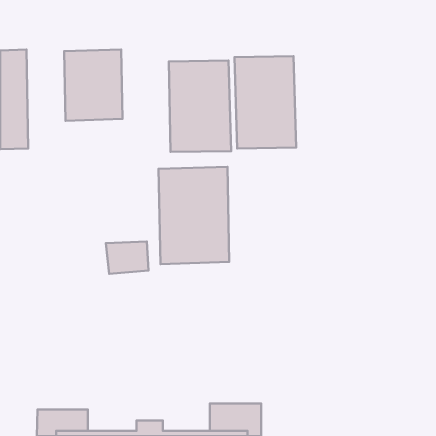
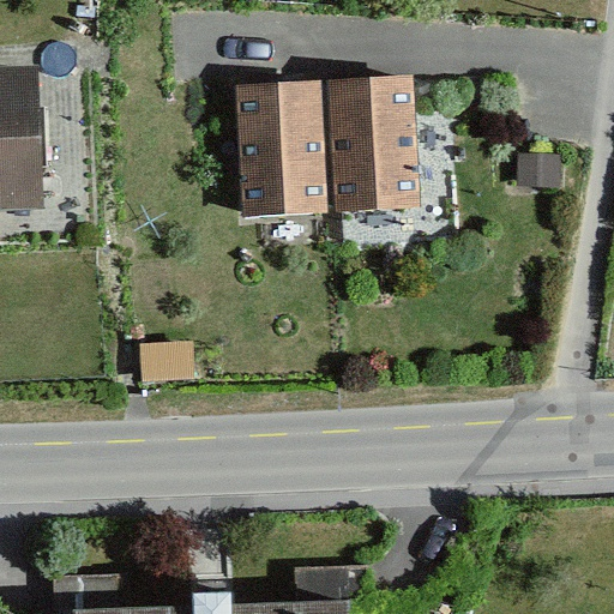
building: [64,49,122,121] -> none
building: [159,167,229,264] -> none

